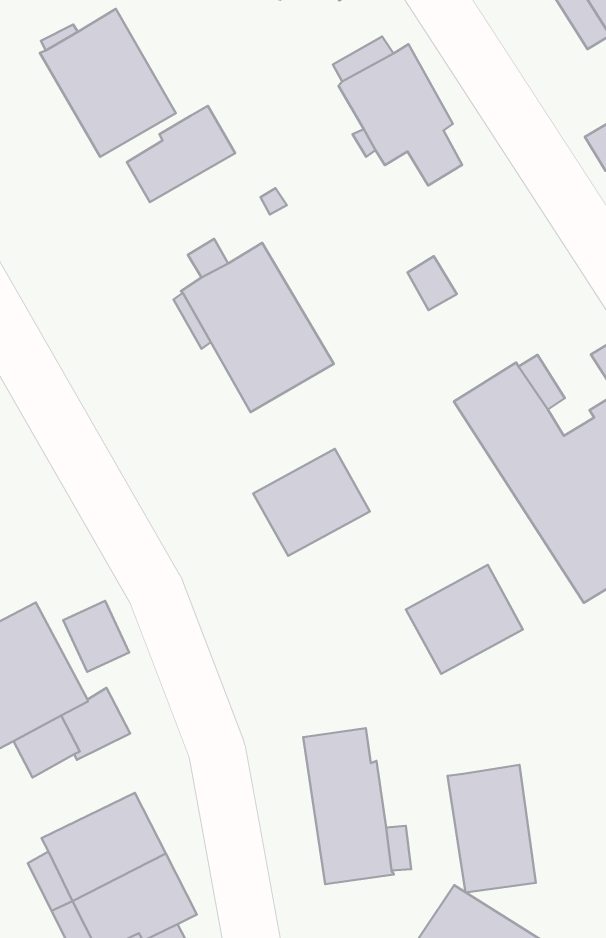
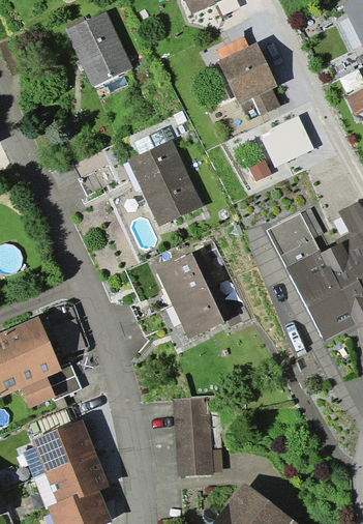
building: [127,106,235,202] -> none
building: none -> [261,116,313,167]
building: [406,565,523,674] -> [172,284,232,339]
building: [447,765,536,892] -> none

